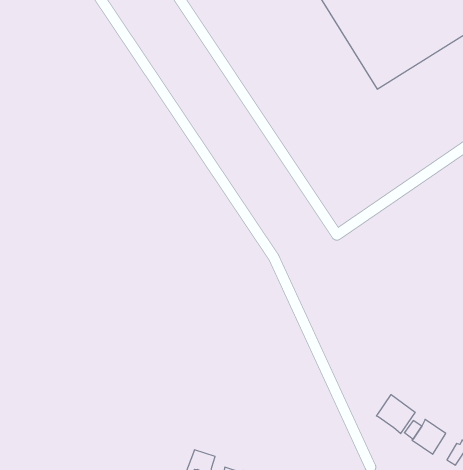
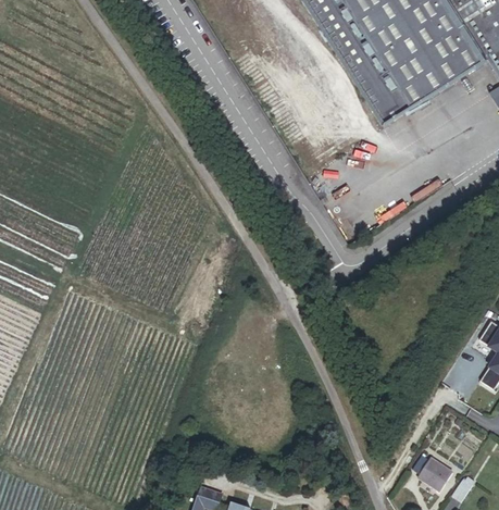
building: [376,395,415,434] -> none

